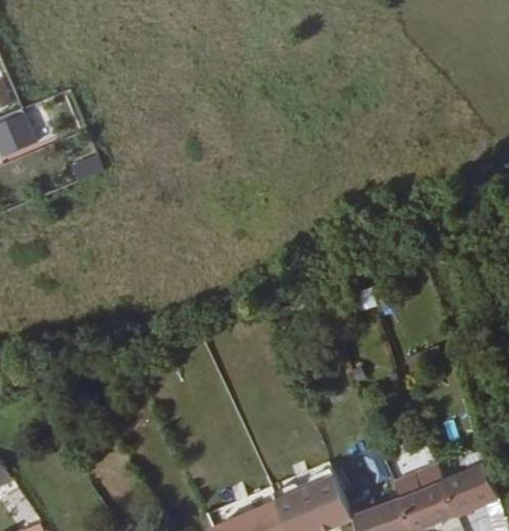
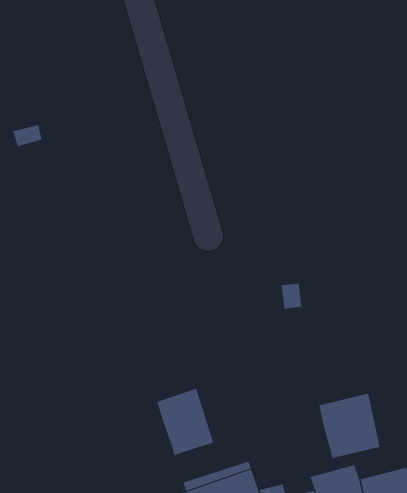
building: none -> [319,393,380,459]
building: none -> [156,388,214,456]

